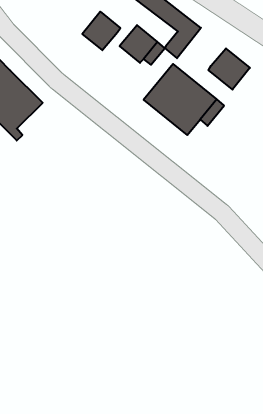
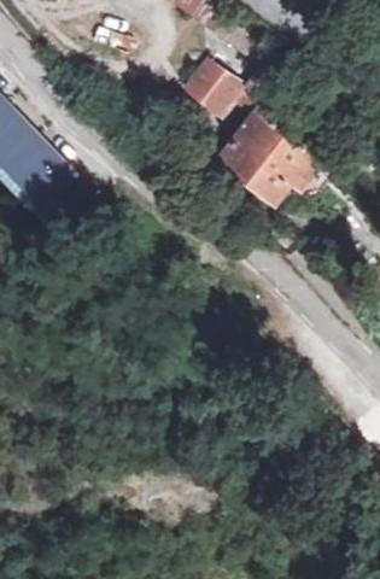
building: [82,12,120,50] -> none
building: [208,48,250,90] -> none

